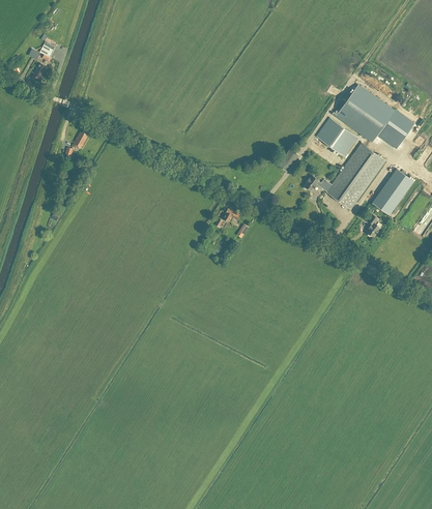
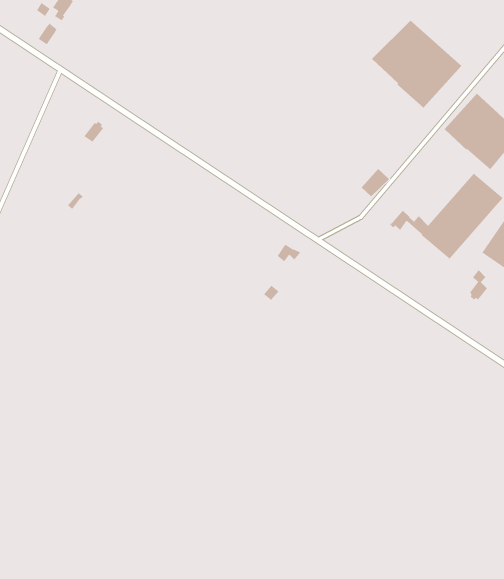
building: none -> [371,20,462,108]
building: [317,118,358,157] -> none

